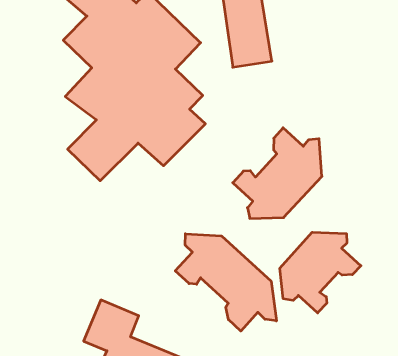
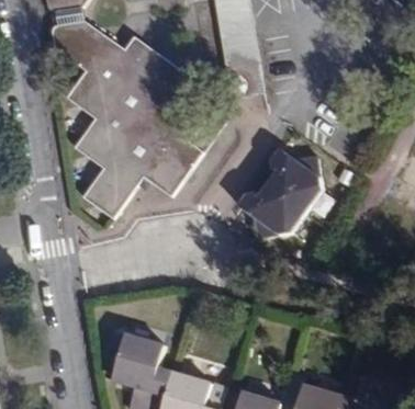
building: [280,232,361,313] -> none
building: [175,234,276,331] -> none

